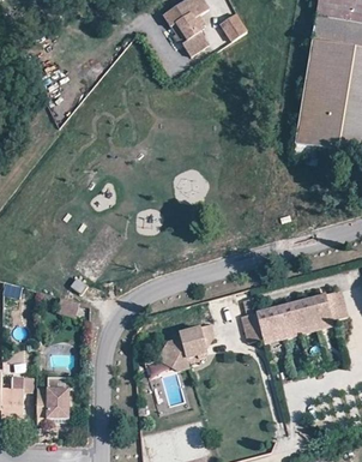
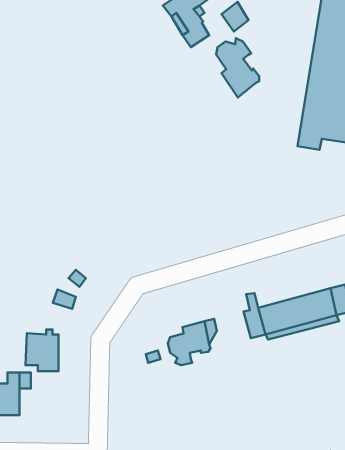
building: none -> [216,38,259,97]
building: [36,382,68,422] -> [26,330,59,371]

